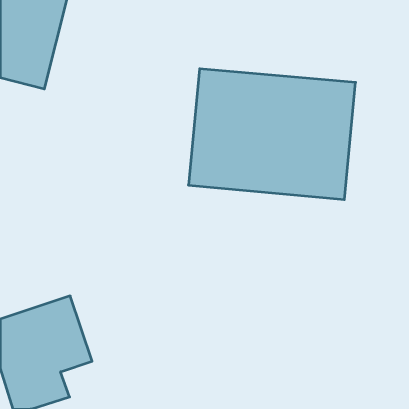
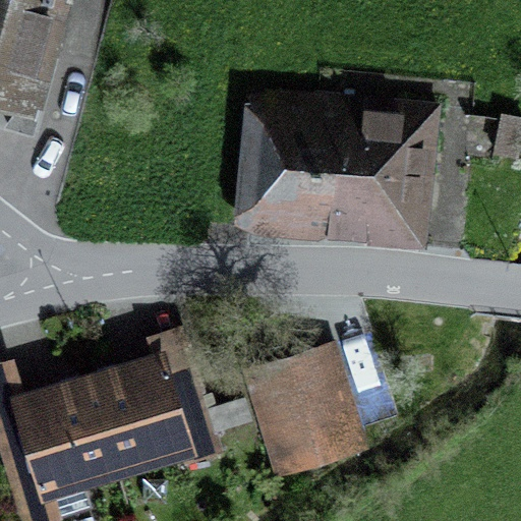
building: none -> [94,343,211,455]
building: none -> [238,350,359,476]

